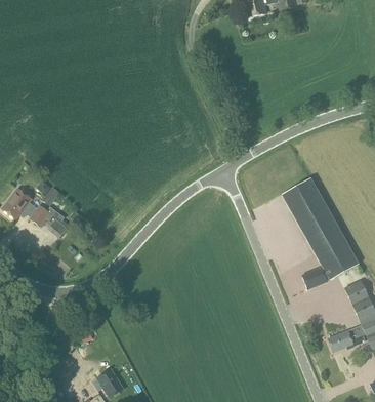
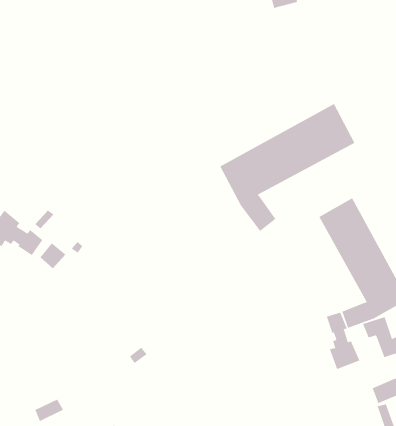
building: none -> [220,103,355,232]
building: none -> [326,312,360,370]

